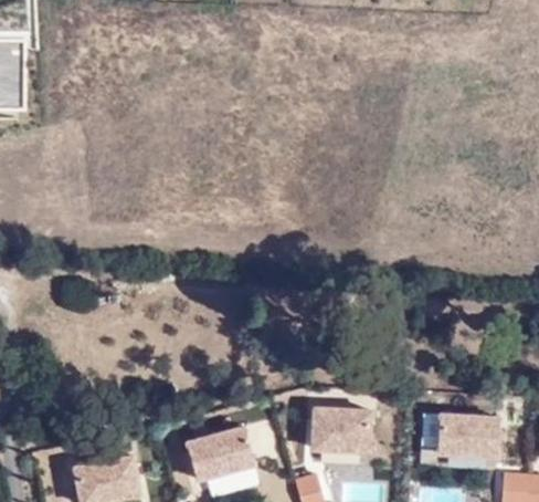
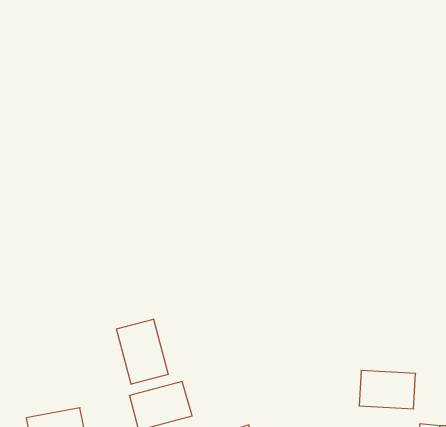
building: none -> [116,319,168,384]
building: [311,406,370,450] -> none

